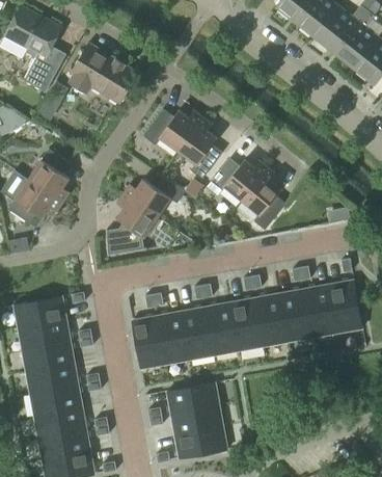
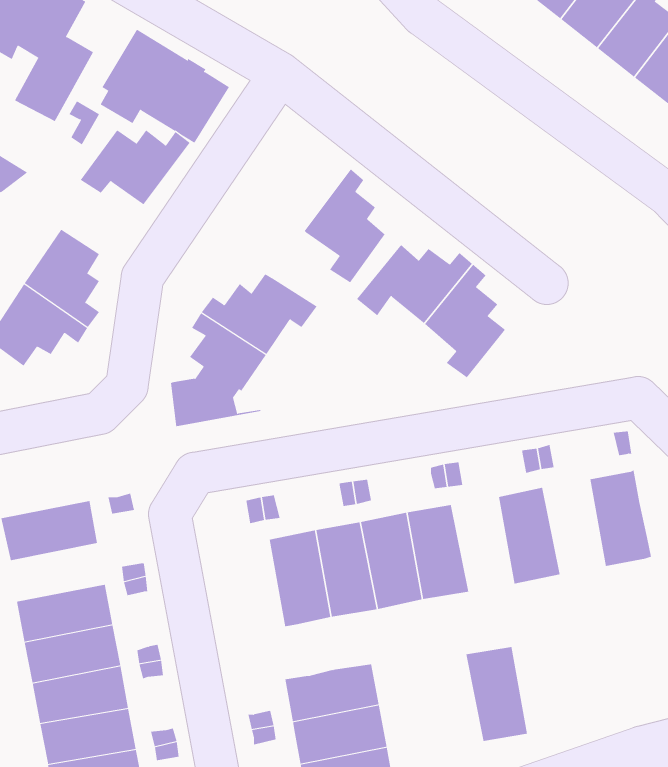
building: [142,110,201,151] -> [80,129,191,205]
building: [304,284,337,335] -> none
building: [255,293,289,344] -> [466,646,528,742]
building: [132,316,166,367] -> none
building: [20,318,71,349] -> none

